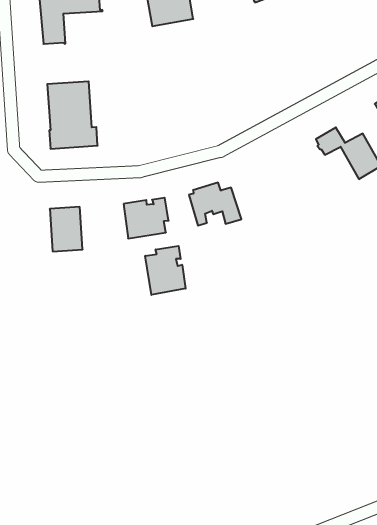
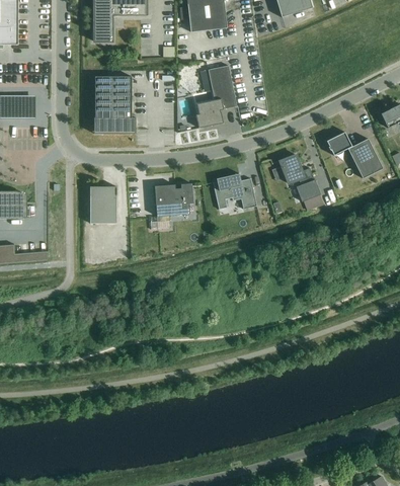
building: none -> [194,66,236,129]
building: none -> [278,155,320,201]
building: [145,246,186,295] -> none

